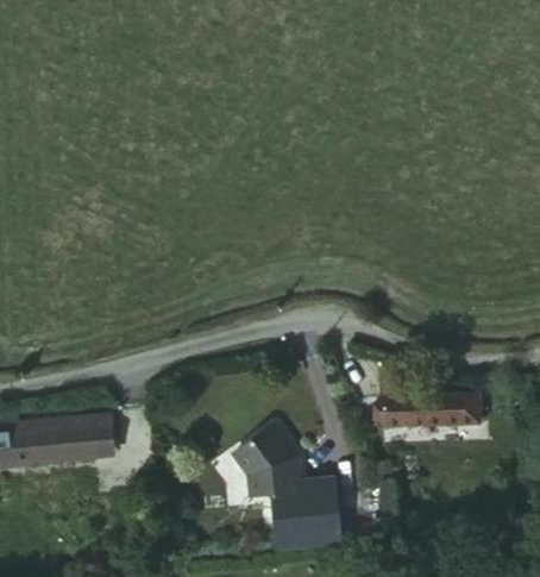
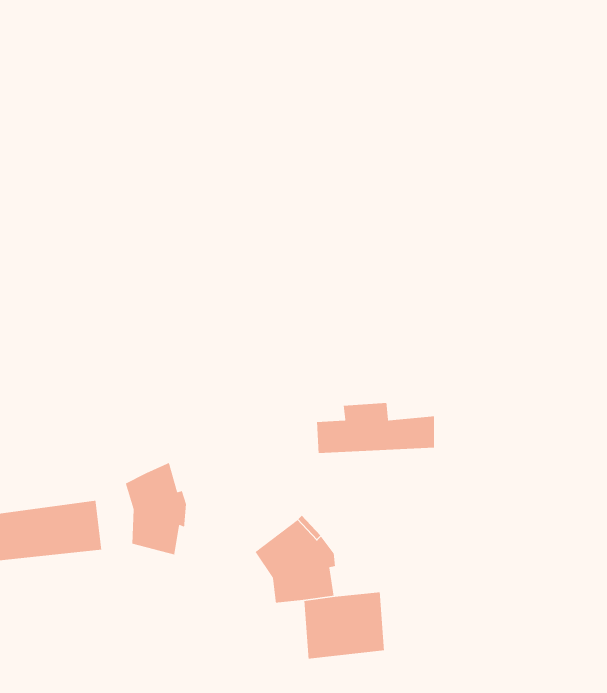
building: [381,384,476,426] -> [316,402,435,454]
building: none -> [125,462,187,555]

